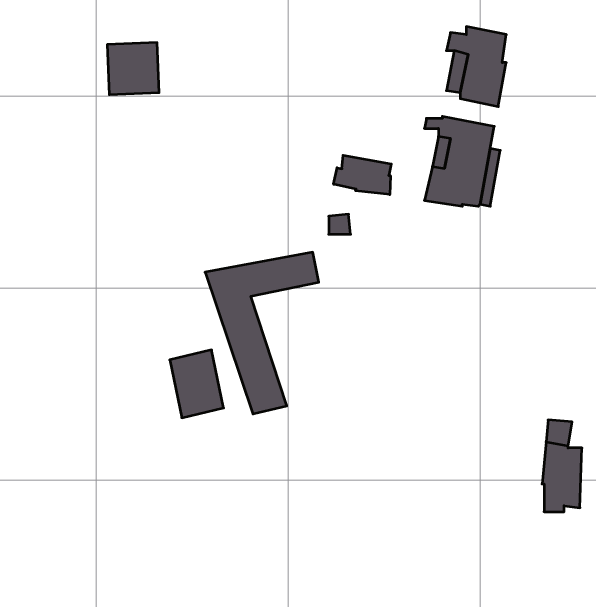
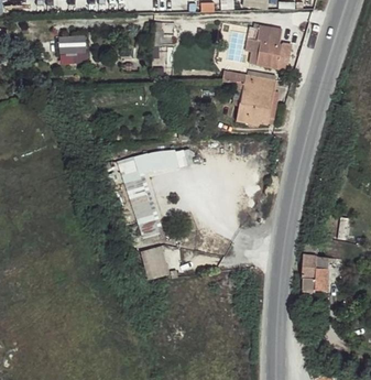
building: [334,155,391,195] -> none
building: [170,350,224,418] -> [141,245,171,282]

